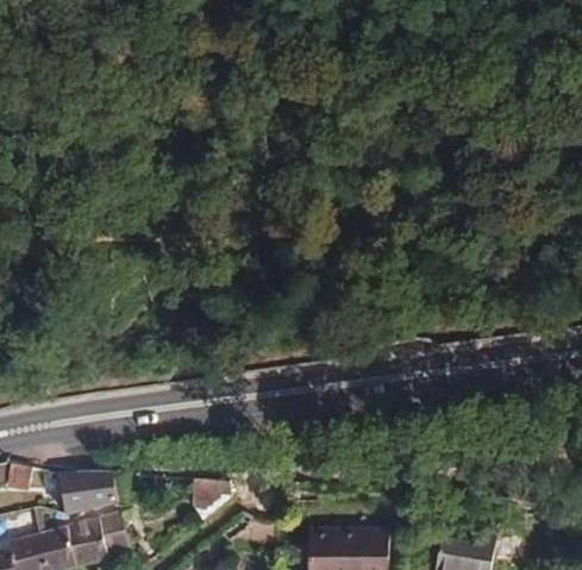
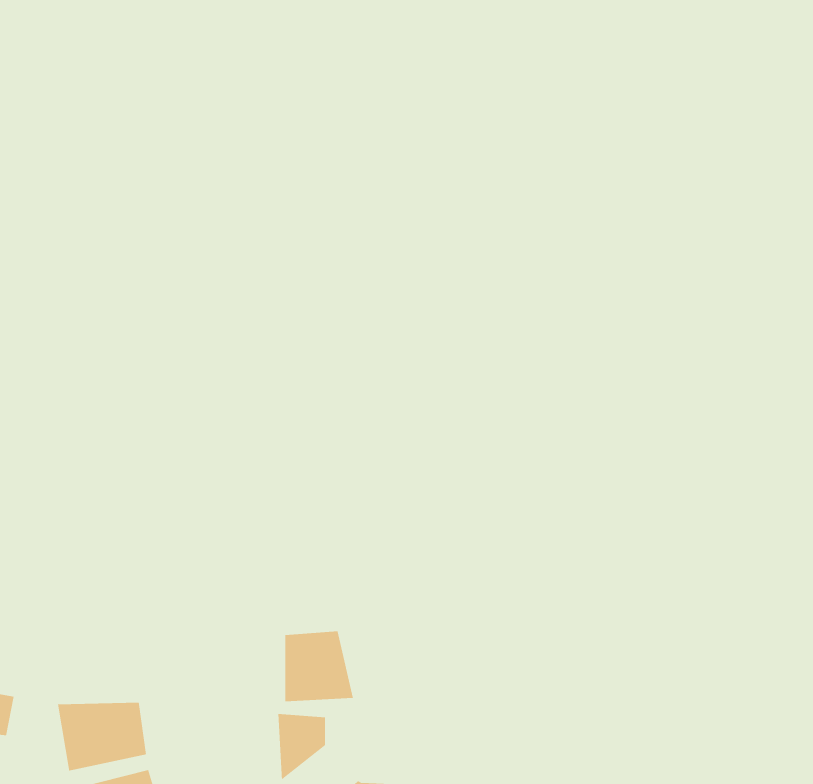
building: none -> [285,630,354,702]

